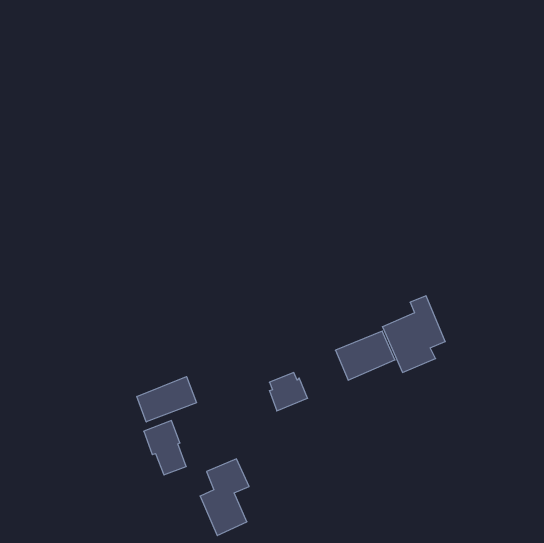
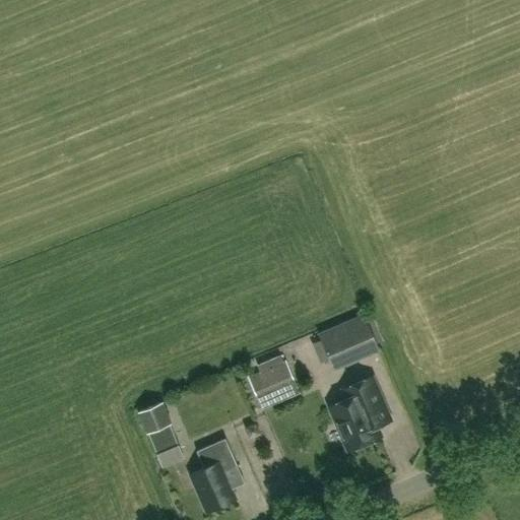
building: [382,296,445,372] -> [330,377,390,450]
building: [137,377,197,422] -> none

